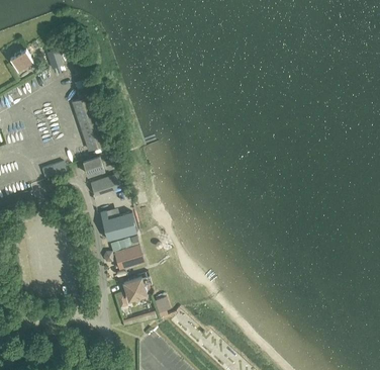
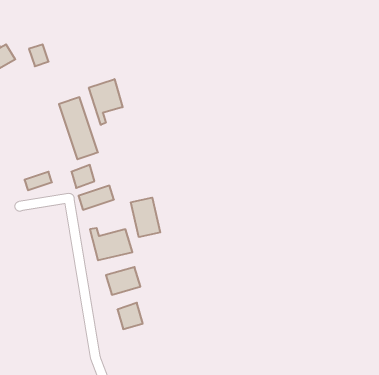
building: none -> [89,79,123,125]
building: none -> [131,198,160,237]

